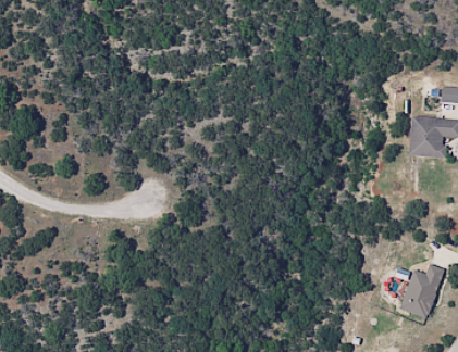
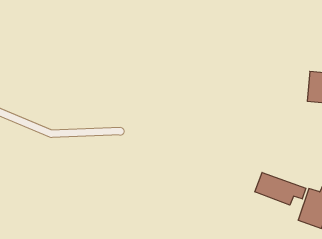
building: none -> [255,172,306,205]

